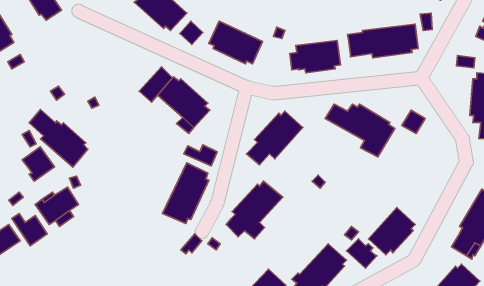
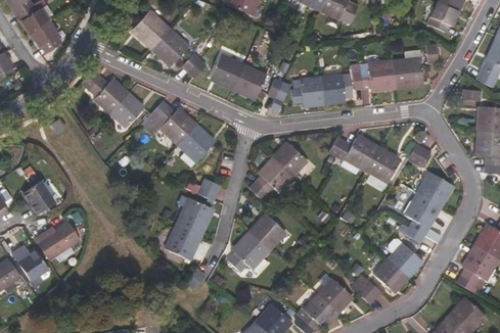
building: none -> [268,79,290,110]
building: [29,110,88,167] -> [83,69,142,128]
building: none -> [404,172,451,242]

